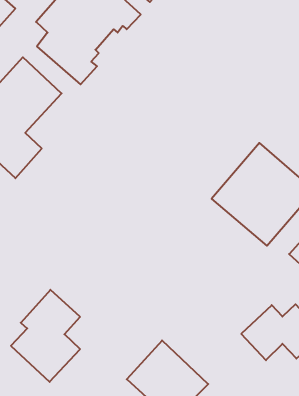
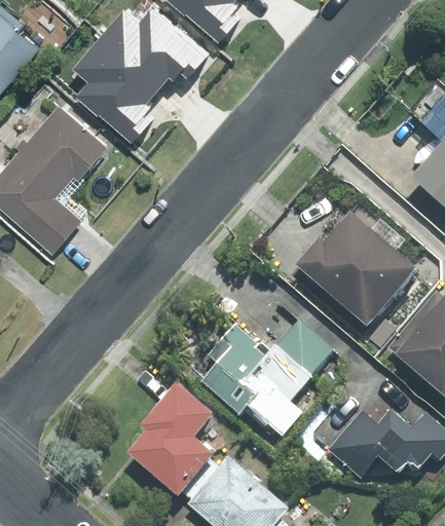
building: none -> [199,318,333,440]
building: [11,290,80,382] -> [129,383,216,498]

